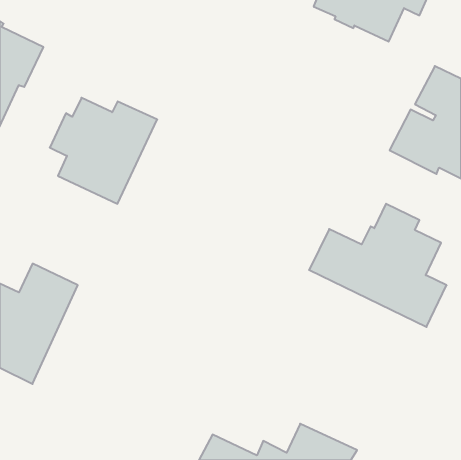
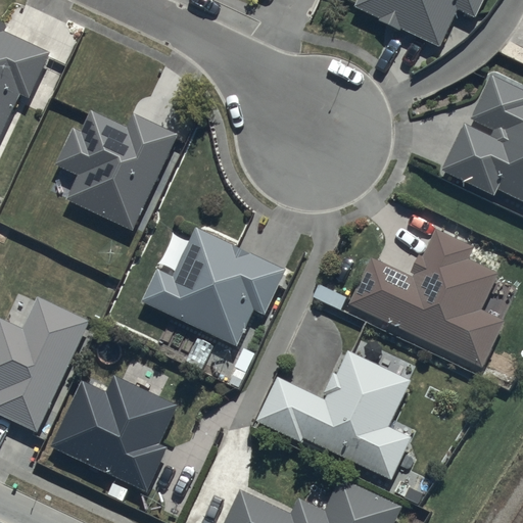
building: none -> [141,228,286,346]
building: none -> [255,351,412,481]
building: none -> [49,375,177,490]

